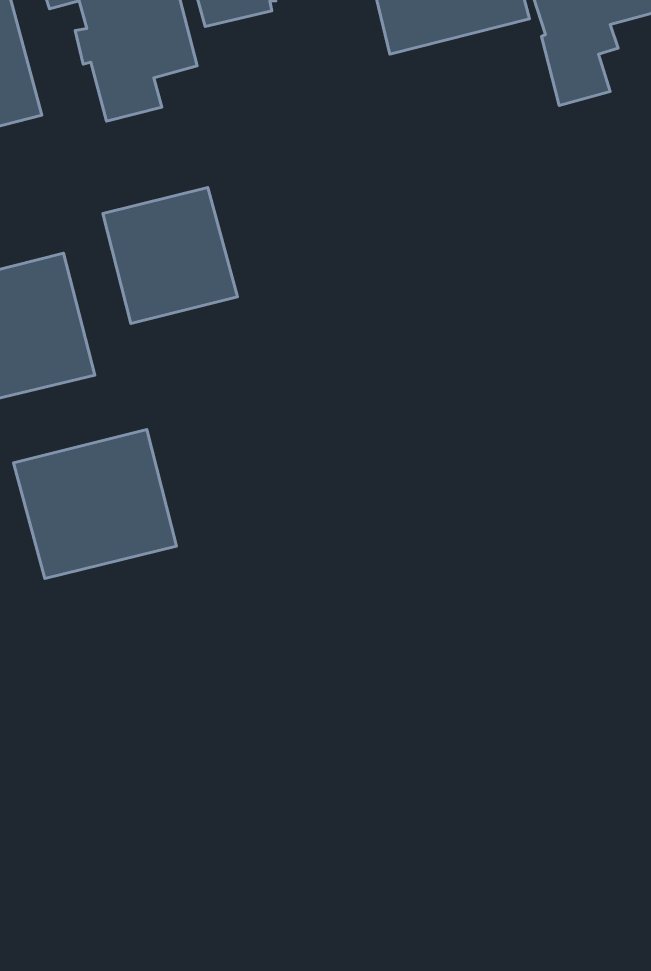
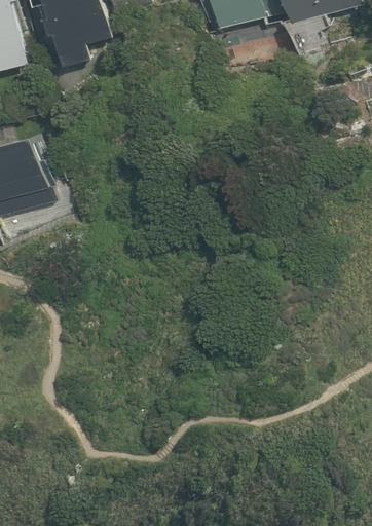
building: [103,188,237,324] -> none
building: [13,429,177,579] -> none

